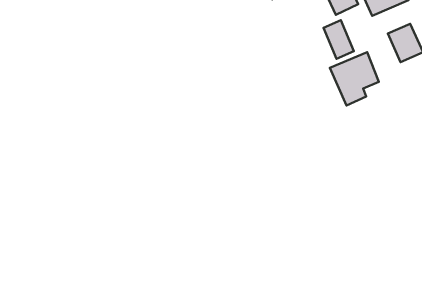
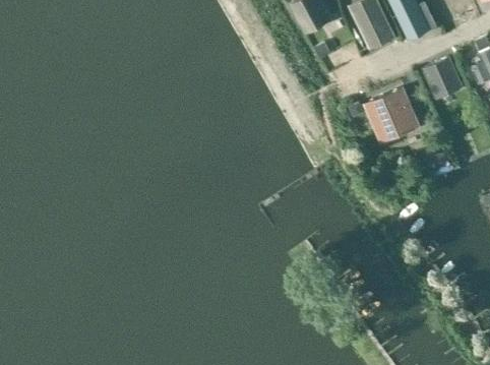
building: [323,20,354,59] -> none

